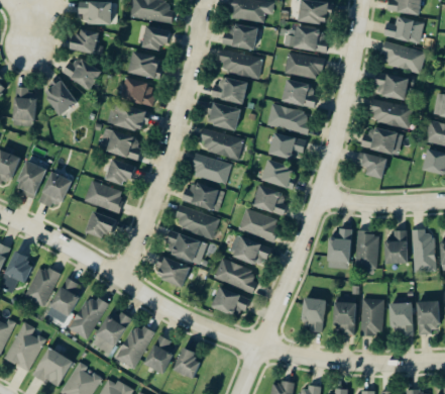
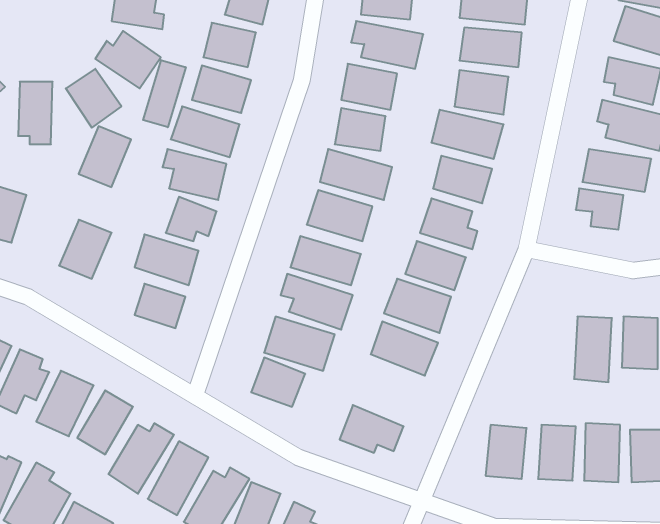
building: none -> [143,60,186,127]
building: [13,161,45,198] -> [79,126,131,187]
building: [327,228,351,268] -> none
building: [215,259,256,292] -> none

